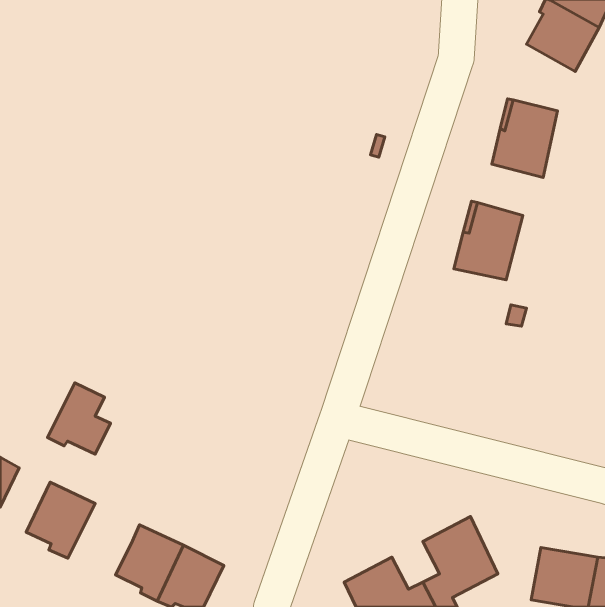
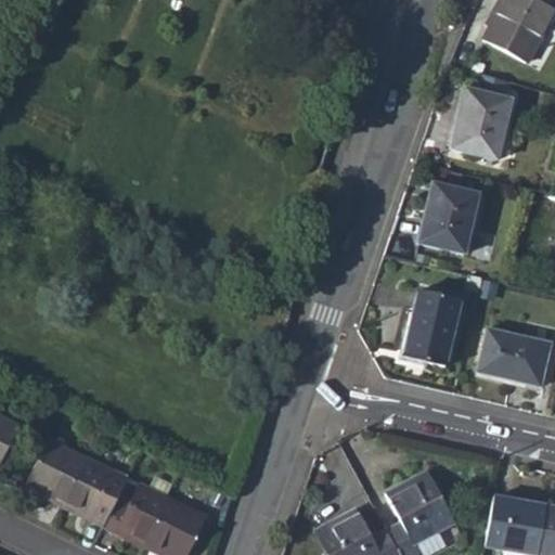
building: none -> [403,295,460,366]
building: none -> [477,331,550,388]
building: [47,383,111,454] -> [65,459,122,524]

